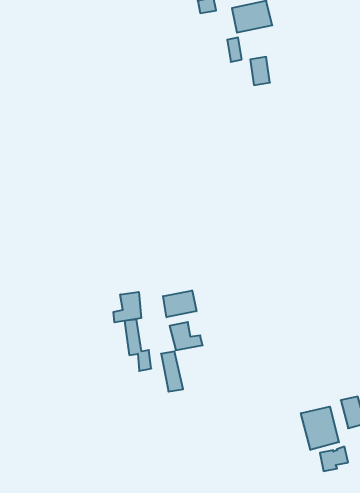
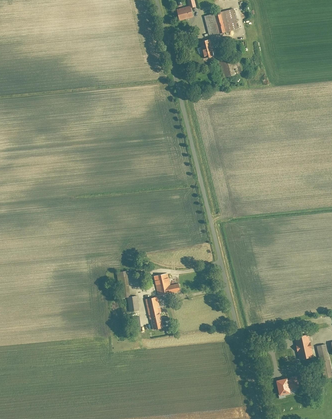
building: [163,290,196,317] -> none
building: [113,292,141,322] -> none
building: [301,407,339,450] -> none

